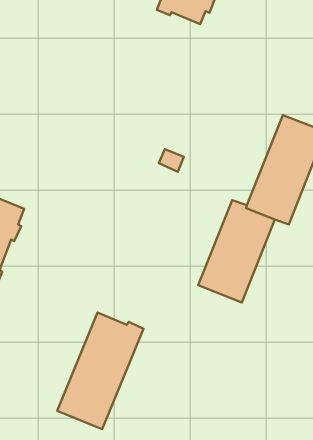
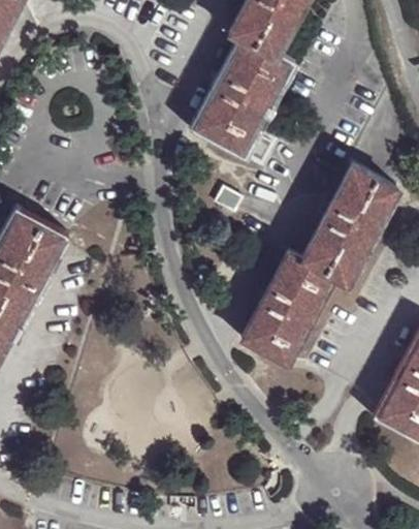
building: none -> [197,40,289,165]
building: [57,313,144,429] -> none

